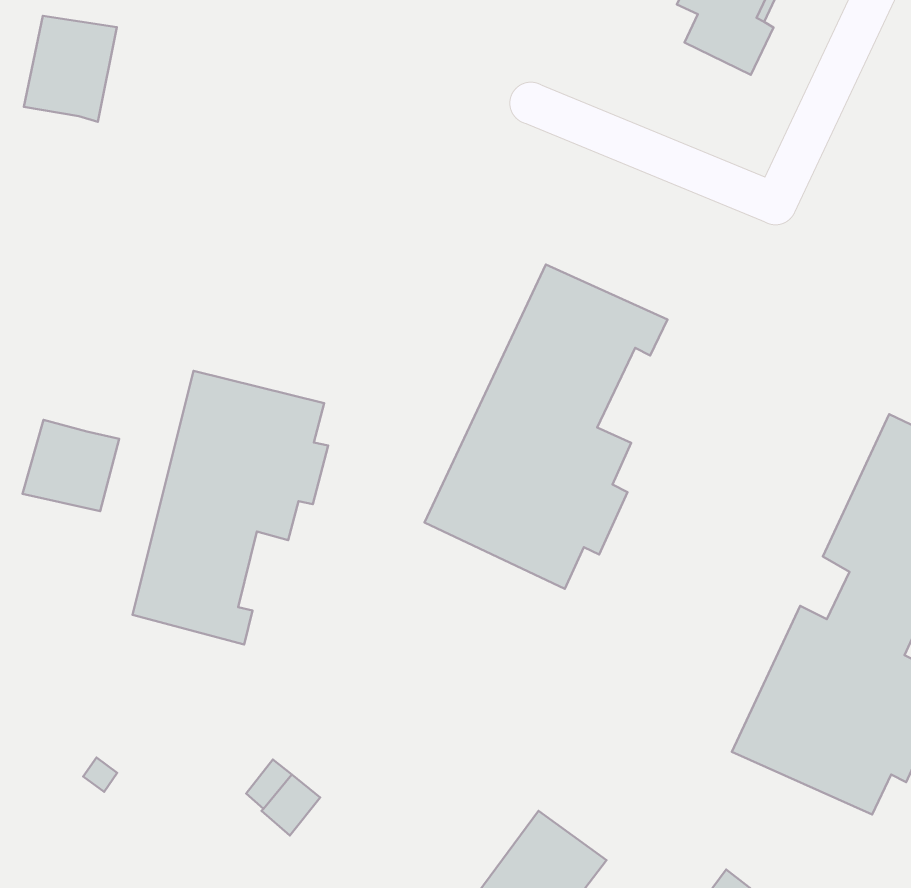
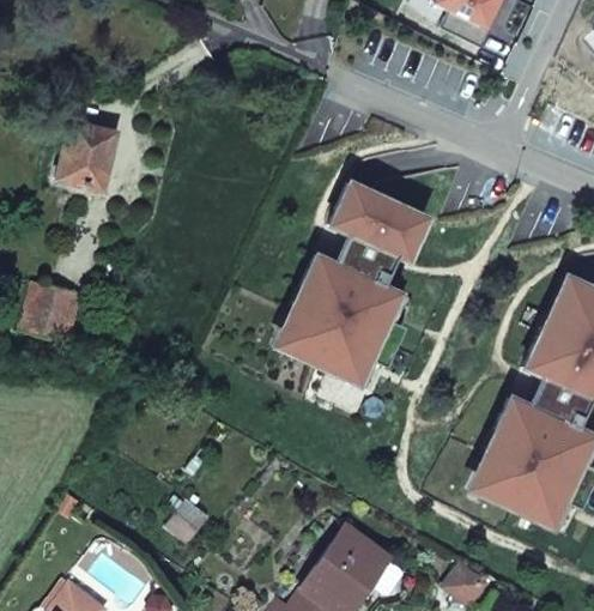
building: [24,16,117,122] -> [57,121,116,188]
building: [132,371,328,645] -> none

